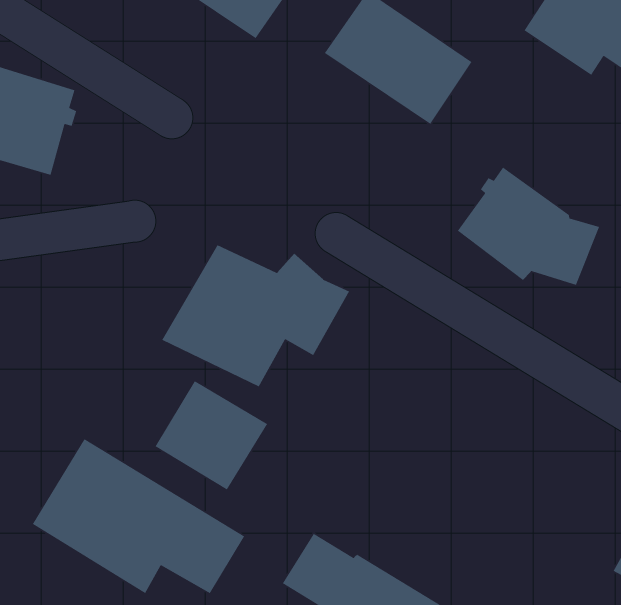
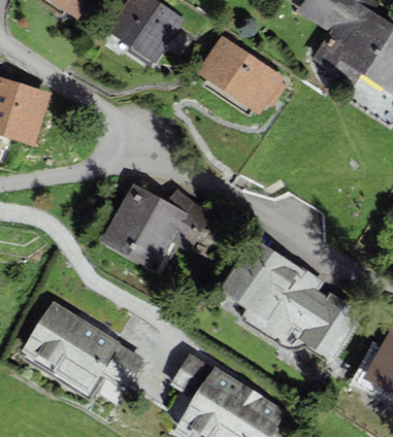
building: [457,167,600,286] -> none
building: none -> [220,236,364,360]
building: [155,380,268,490] -> none

